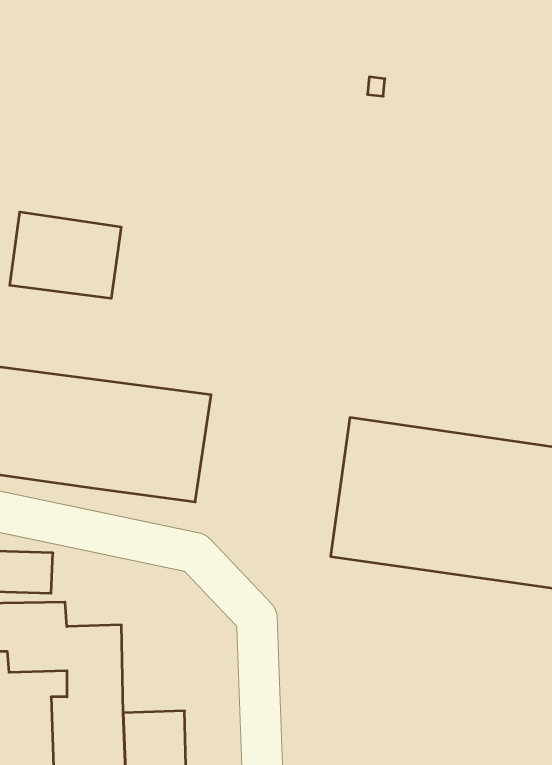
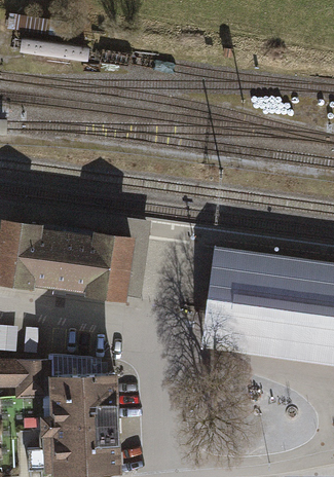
building: [10,212,121,298] -> none
building: none -> [80,372,117,425]

